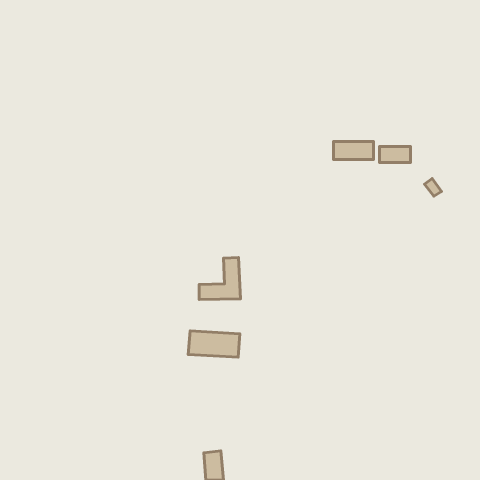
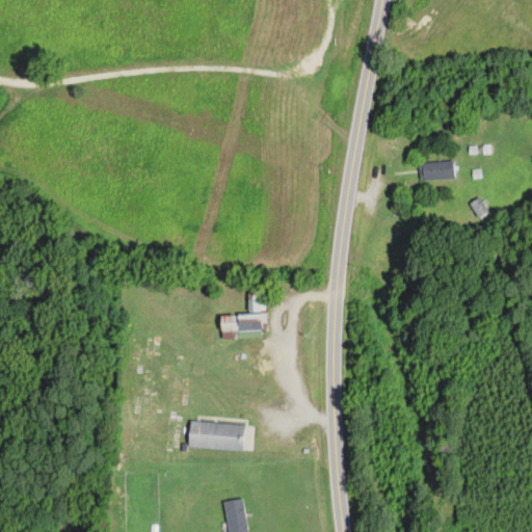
building: [334,142,373,159] -> none
building: [188,331,240,357] -> [188,421,245,450]

